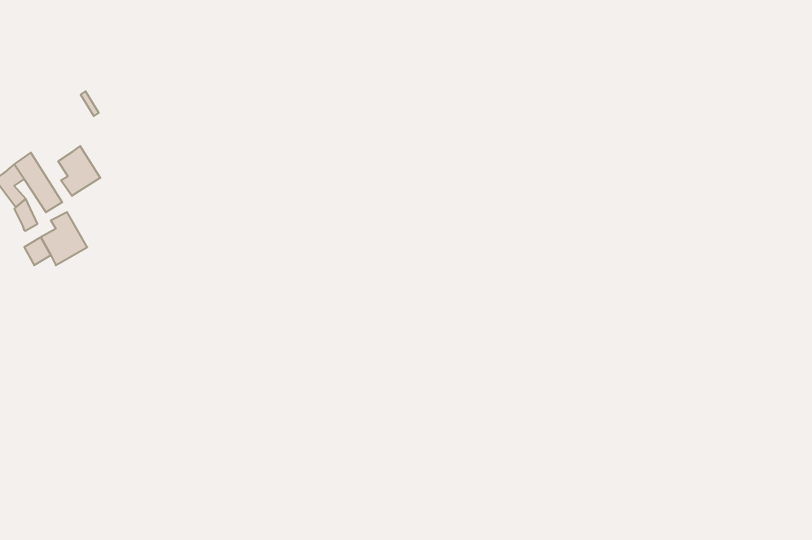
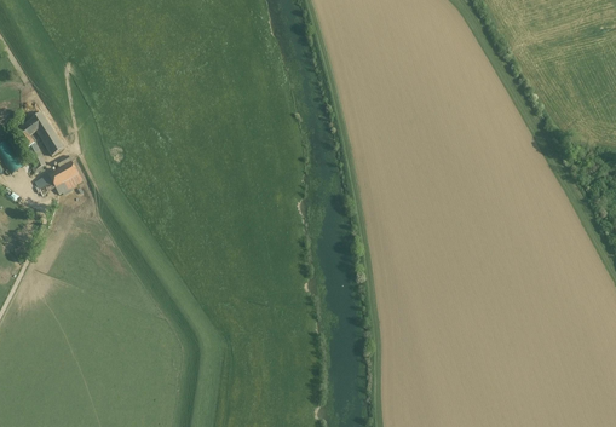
building: [58,146,100,196] -> none

